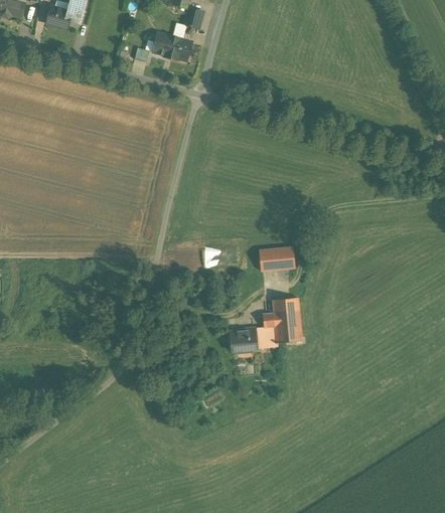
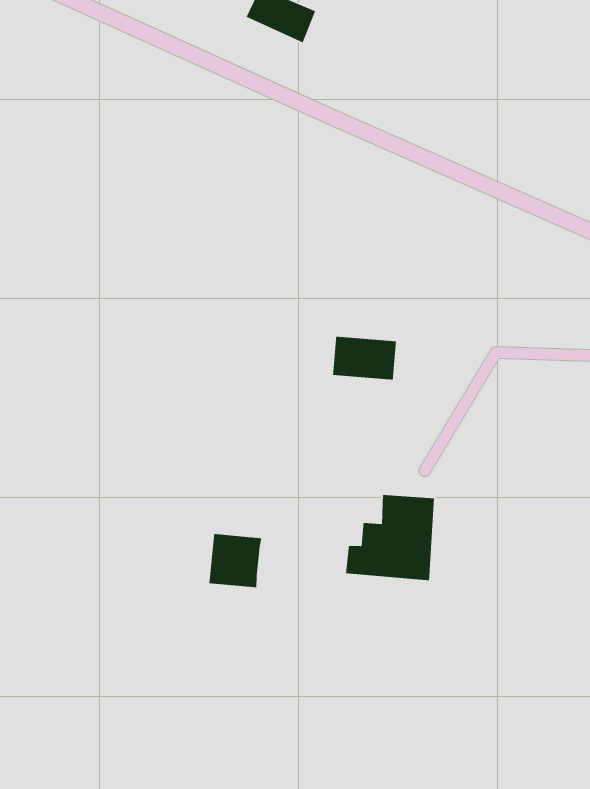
building: [258,245,294,271] -> [332,336,397,380]
building: [231,325,260,355] -> [209,533,262,588]

